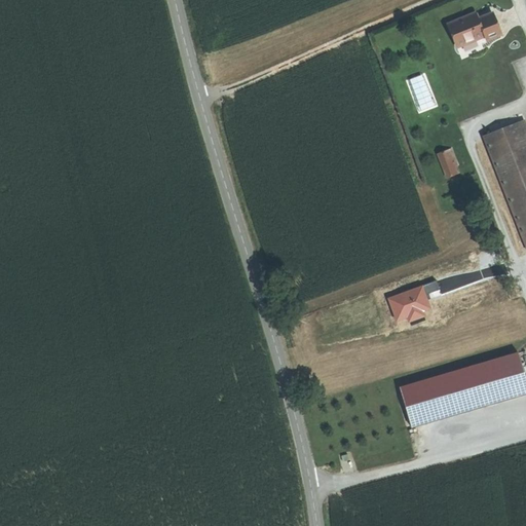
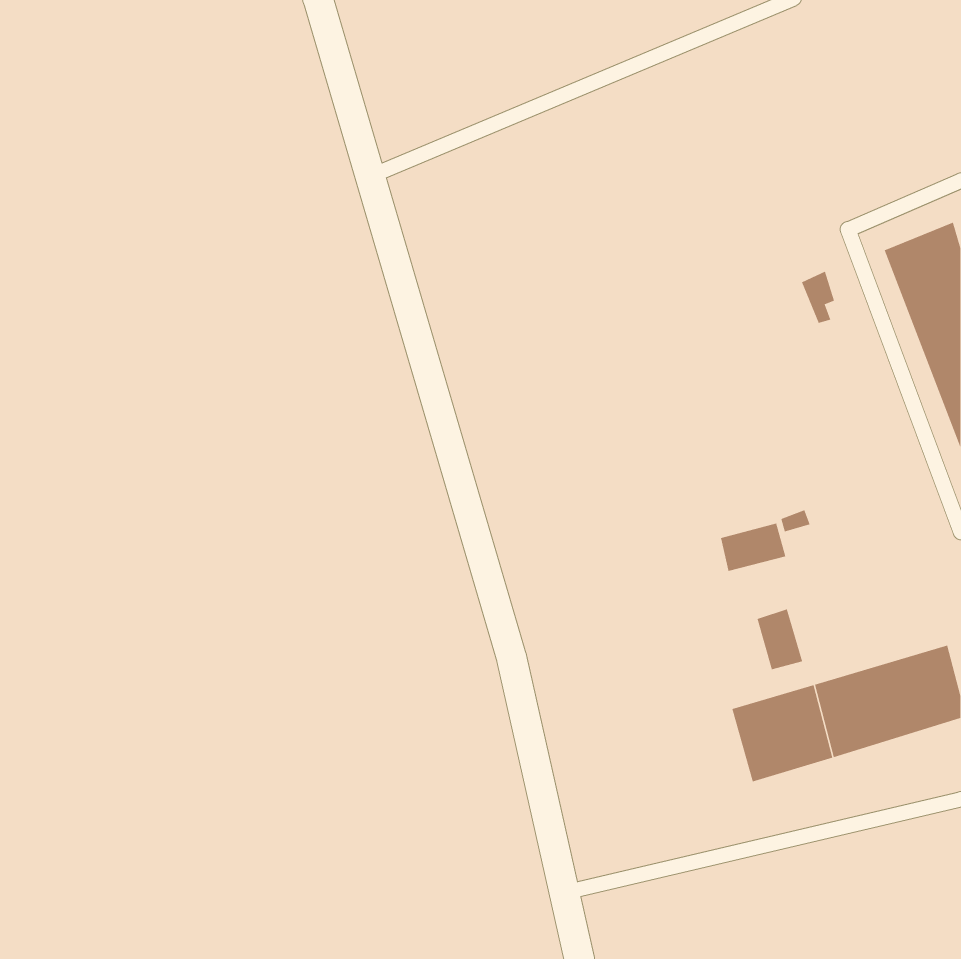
building: [448,14,499,47] -> none
building: none -> [757,608,803,670]

